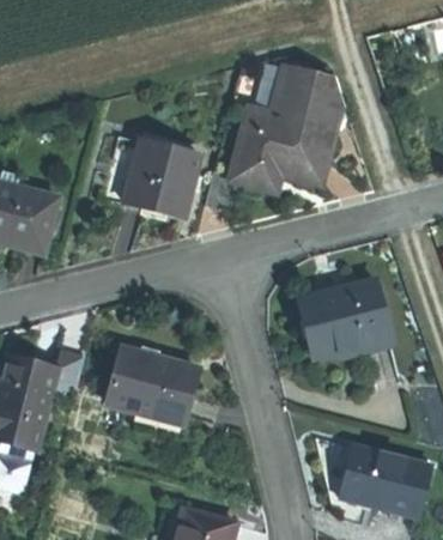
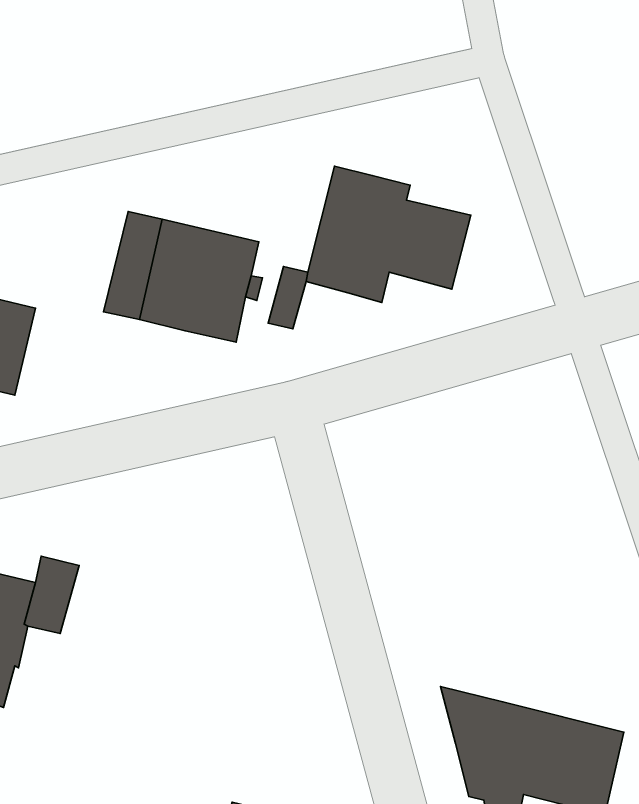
building: [271,61,347,138] -> none
building: [298,280,392,358] -> none
building: [107,348,198,424] -> none

